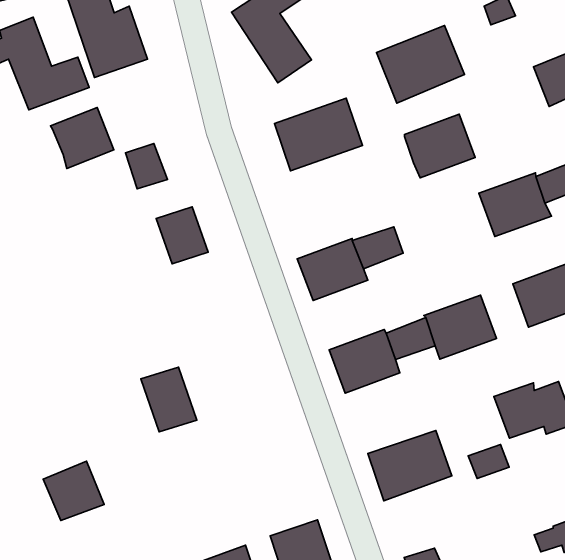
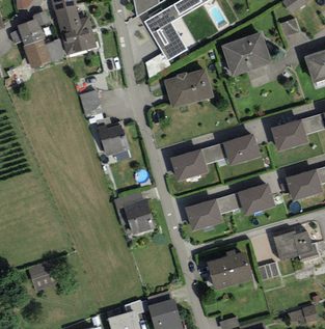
building: [50,108,114,168] -> none
building: [404,114,475,178] -> [224,132,262,165]
building: [141,367,197,432] -> [123,199,152,234]

